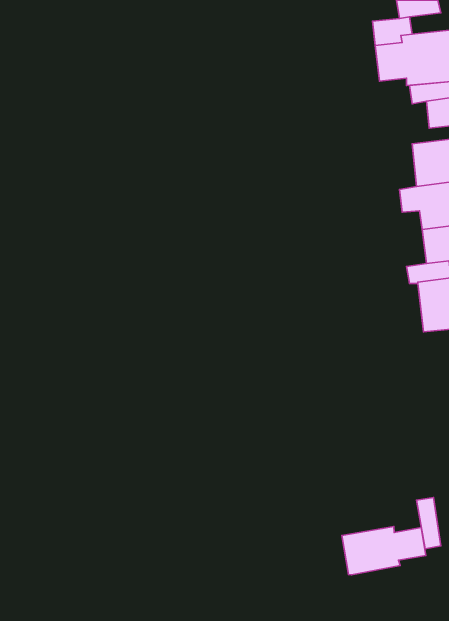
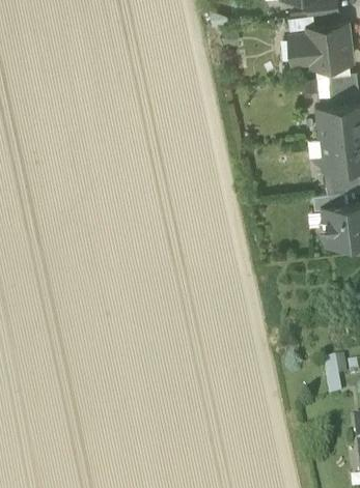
building: [342,527,426,575] -> none

